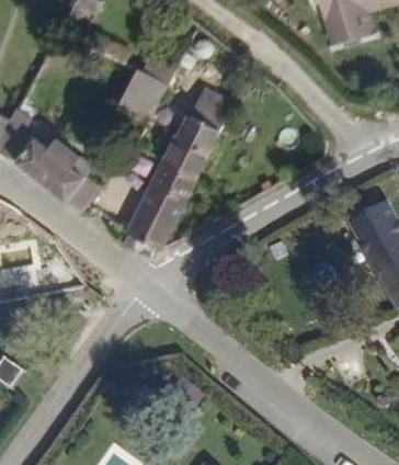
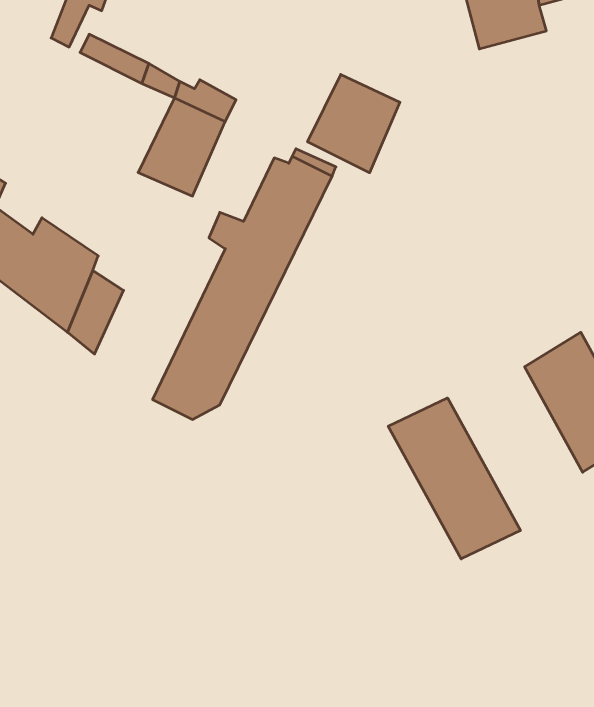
building: none -> [308,74,400,173]
building: none -> [388,398,520,559]

